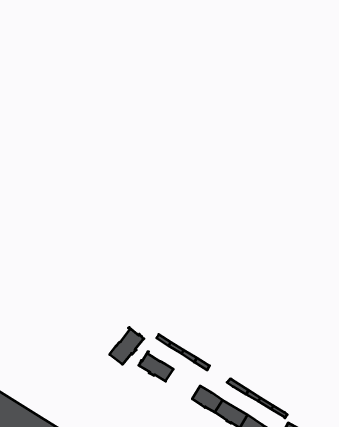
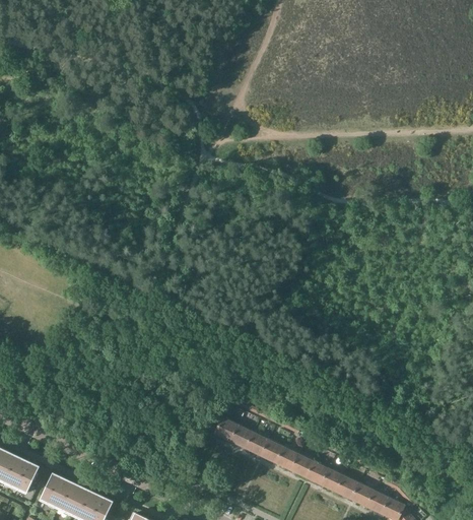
building: [110,327,144,364] -> none
building: none -> [242,431,280,461]

